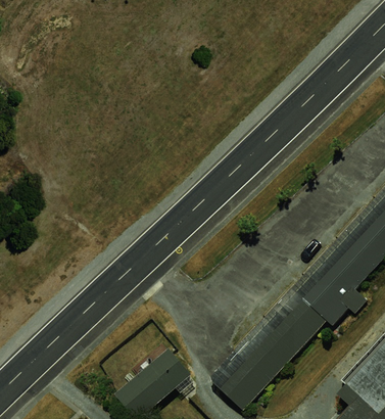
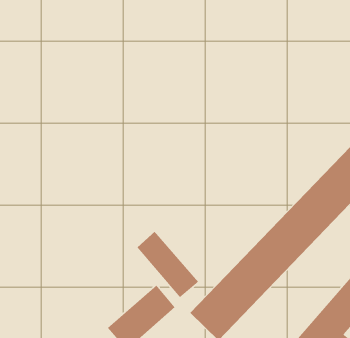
building: none -> [137,231,199,298]

